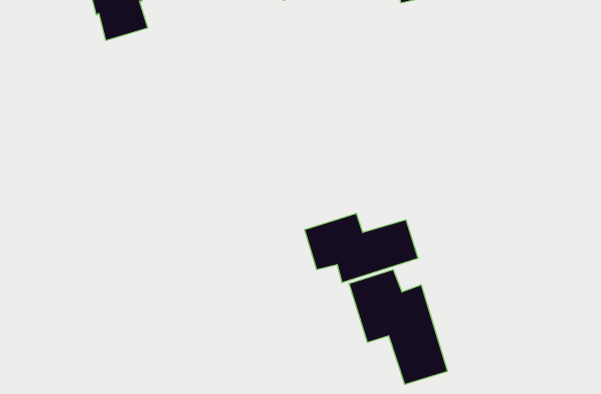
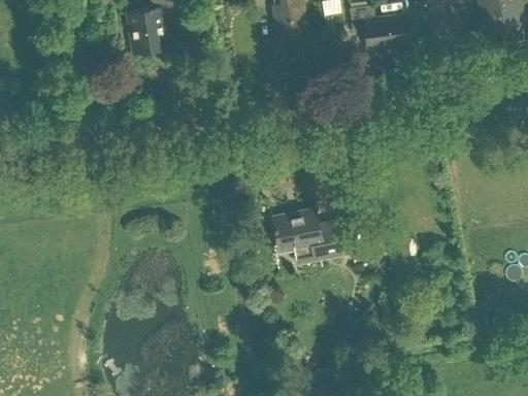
building: [349,270,448,385] -> none

